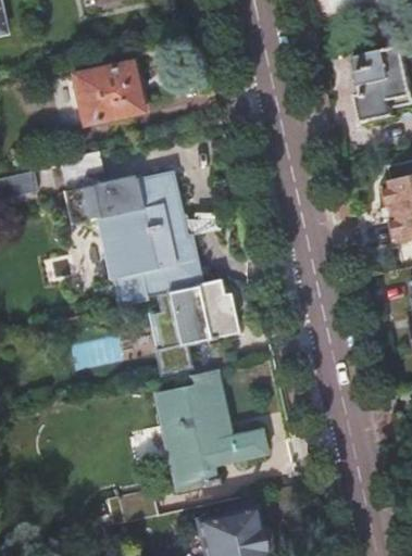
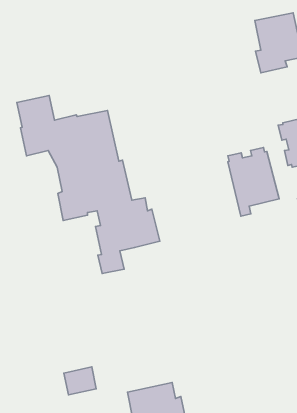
building: [47,64,141,129] -> none
building: none -> [228,148,279,216]
building: [154,369,266,491] -> none

